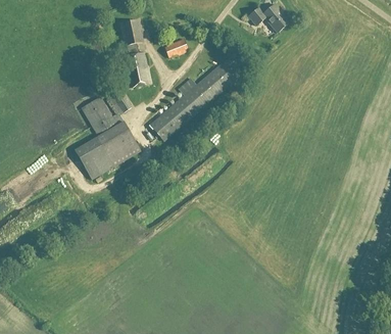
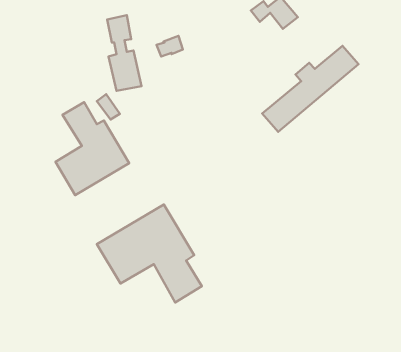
building: [149,63,235,140] -> [262,46,359,132]
building: none -> [97,204,202,302]

